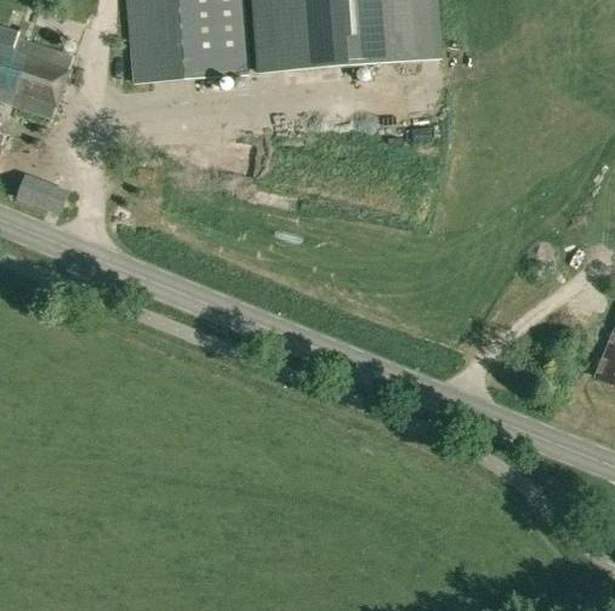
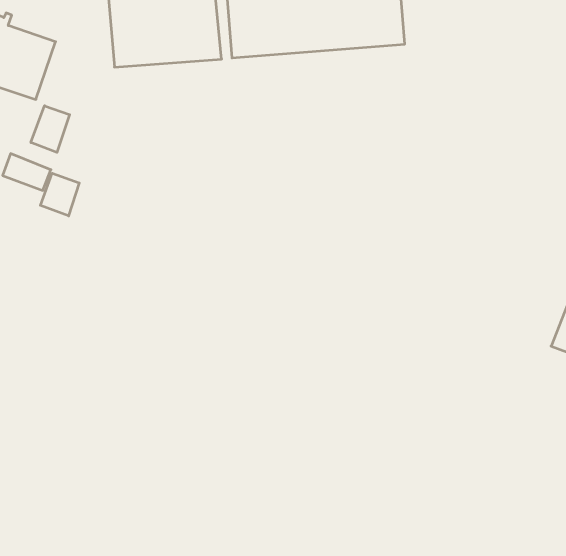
building: none -> [31,106,70,152]
building: none -> [40,173,79,216]

